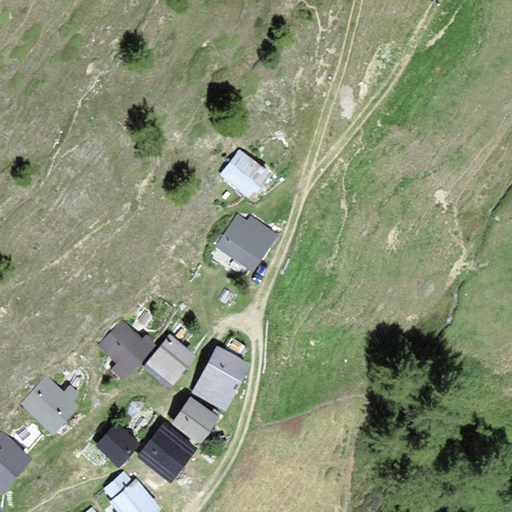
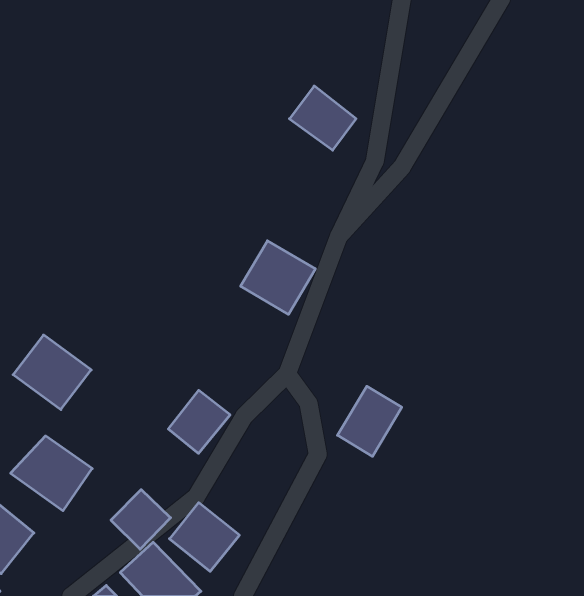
building: [212,144,269,199] -> [289,86,356,150]
building: [86,316,153,380] -> [13,335,91,410]
building: [201,346,256,406] -> [337,386,402,456]
building: [175,394,228,444] -> none

